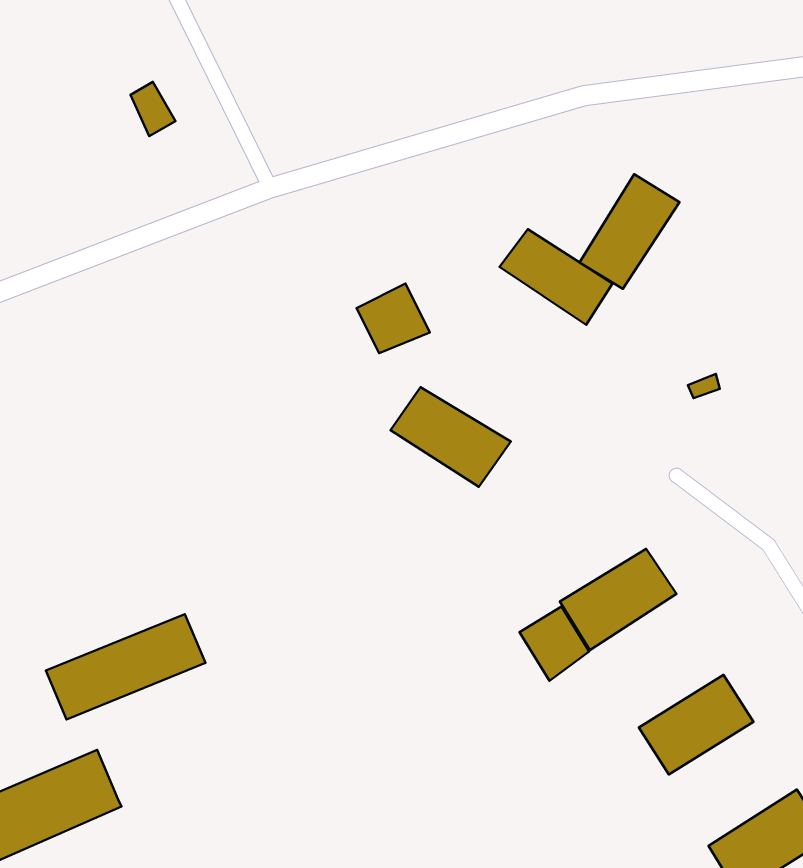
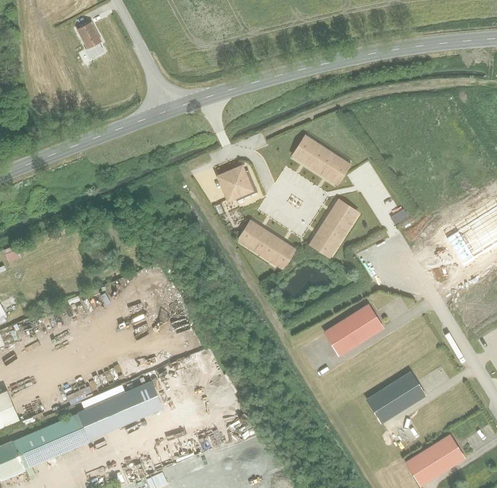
building: [130,82,176,136] -> [80,21,104,50]
building: [580,174,679,289] -> [307,198,360,259]
building: [519,606,589,681] -> none
building: [46,614,206,719] -> [77,381,162,437]

